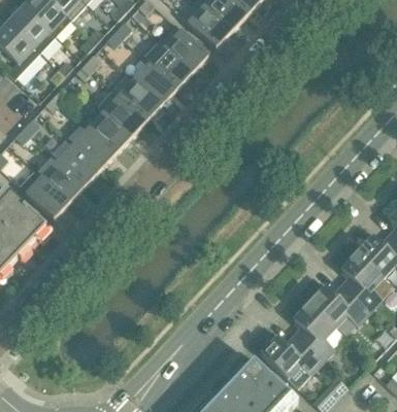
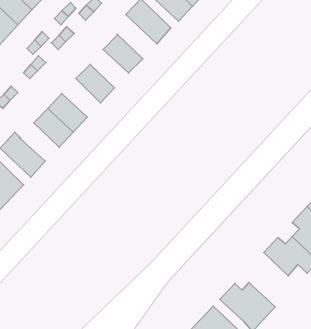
building: [142,40,192,89] -> none
building: [111,72,161,121] -> none
building: [88,110,130,152] -> none
building: [41,159,85,201] -> none
building: [293,301,336,361] -> none

